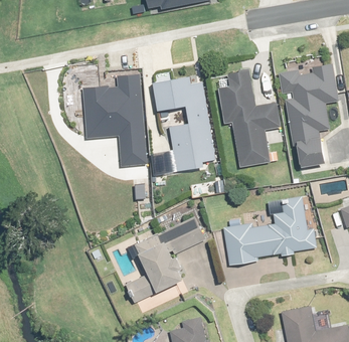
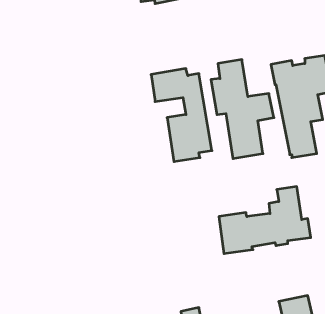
building: [82,75,146,167] -> none
building: [126,216,203,301] -> none

